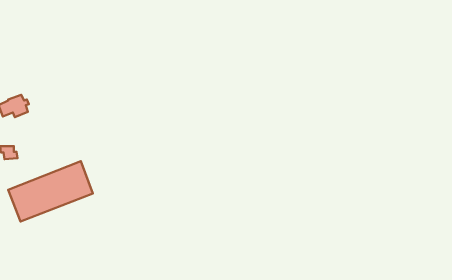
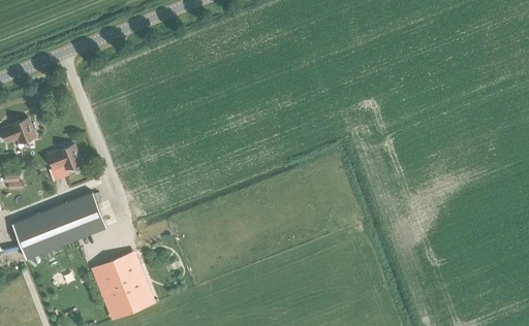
building: none -> [46,145,81,170]
building: none -> [95,256,147,313]

